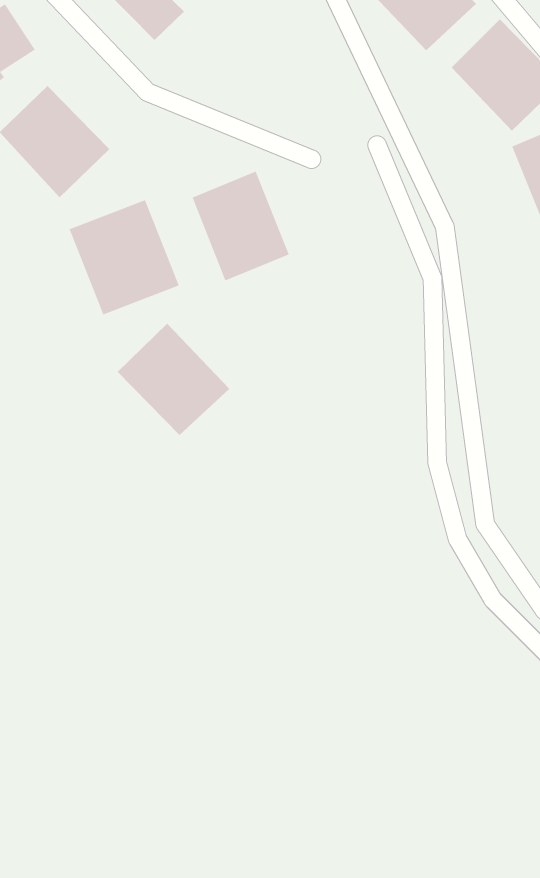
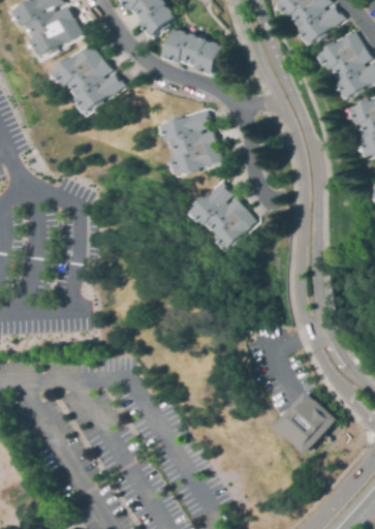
building: none -> [170,33,223,71]
building: [68,199,180,316] -> none
building: [117,323,230,436] -> [185,185,249,250]
building: none -> [276,390,337,453]

